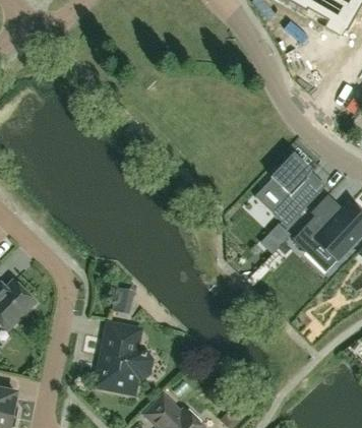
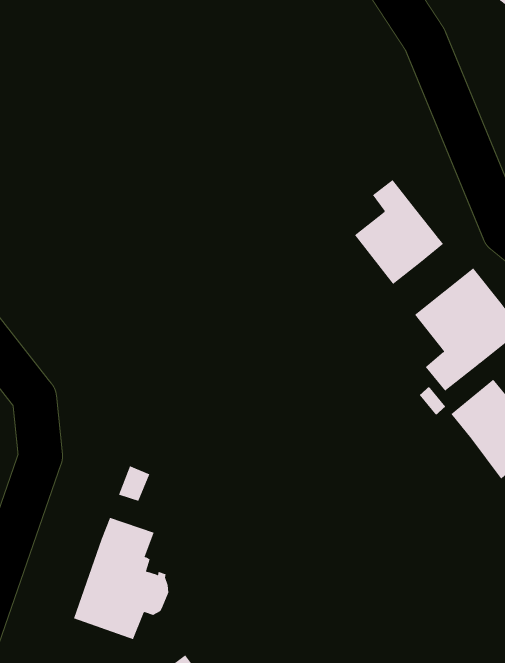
building: none -> [354,179,444,285]

